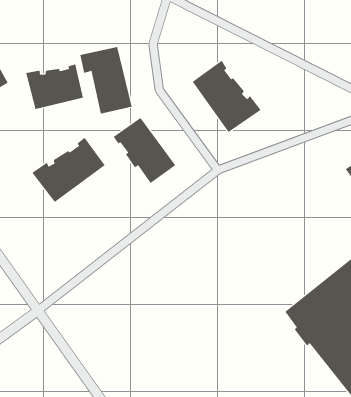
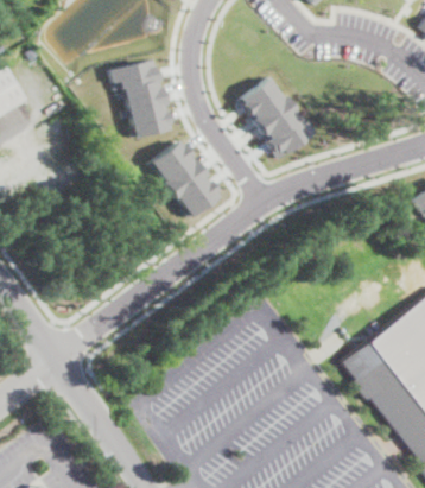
building: [25,63,84,110] -> none
building: [31,137,105,203] -> none

